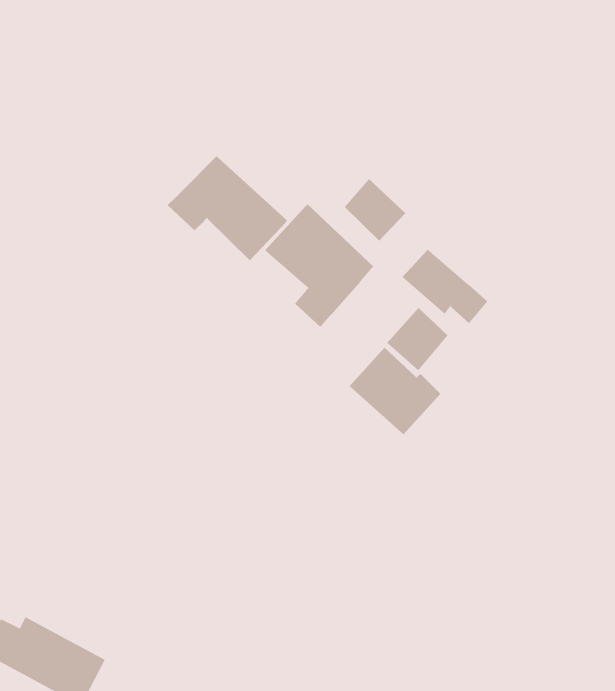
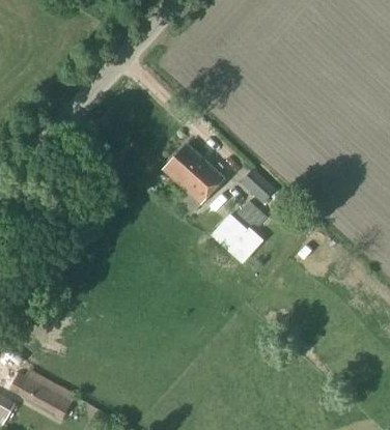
building: [167,154,288,261] -> none
building: [344,178,406,242] -> none

